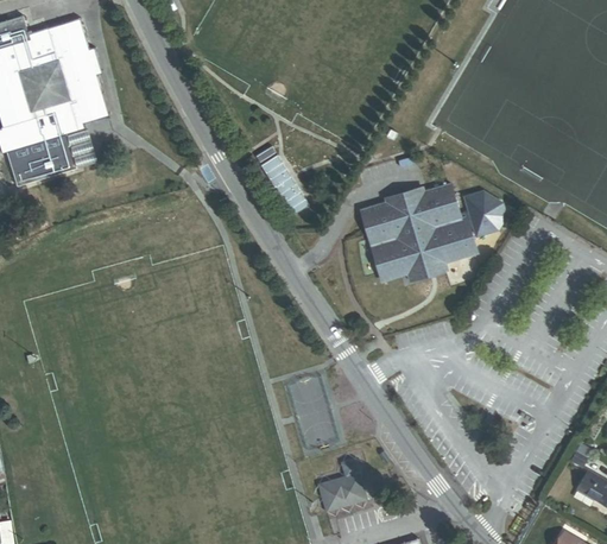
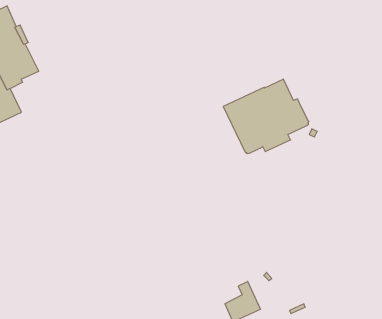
building: [65,129,96,171] -> none
building: [261,153,309,214] -> none
building: [464,192,506,236] -> none

